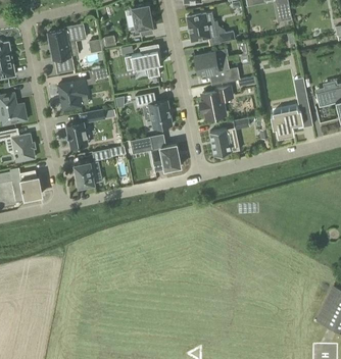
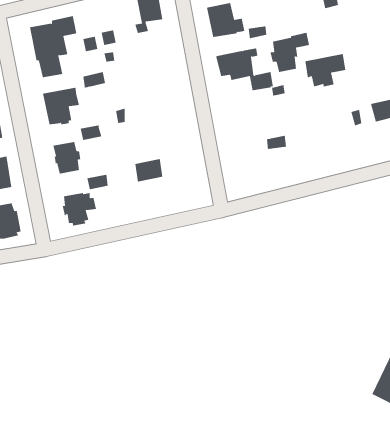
building: [132,44,160,78] -> none
building: [200,87,232,118] -> [269,32,310,73]
building: [135,92,173,129] -> none
building: [271,110,303,137] -> [305,53,346,87]
building: [209,129,240,156] -> none
building: [153,144,181,171] -> none

